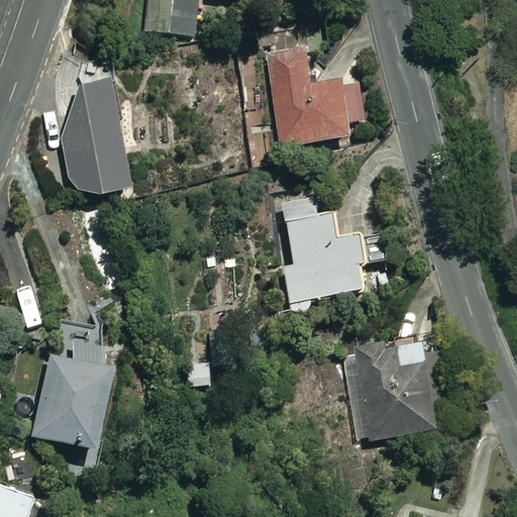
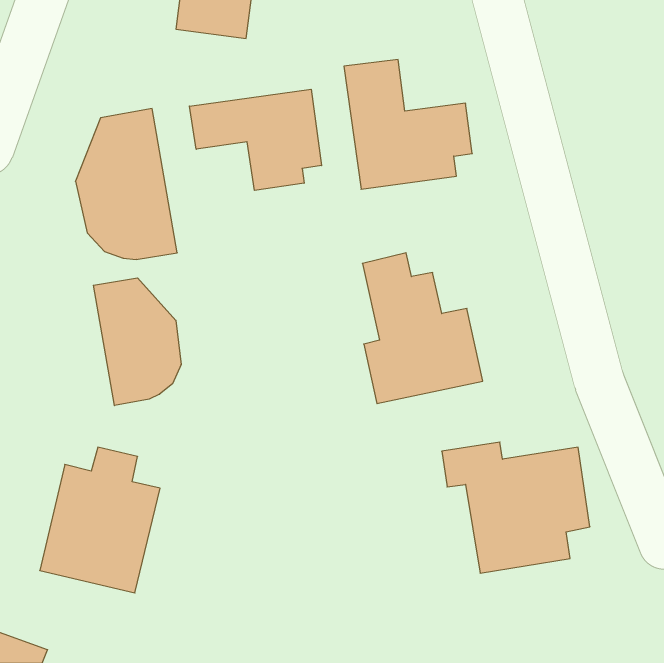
building: none -> [189,89,322,190]
building: none -> [93,278,181,406]

